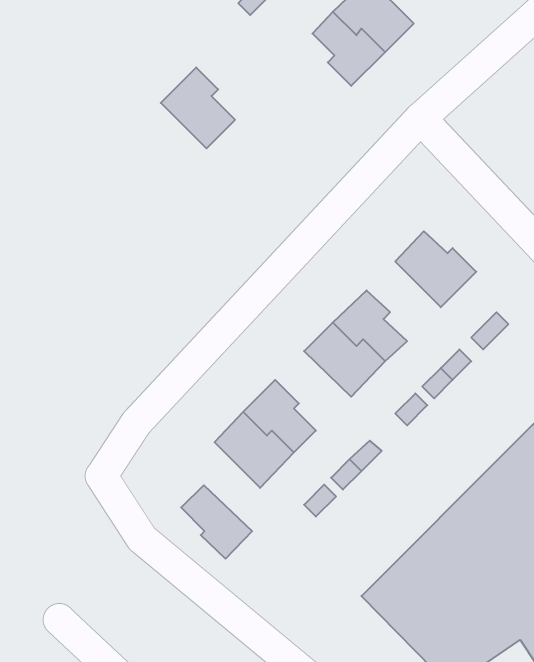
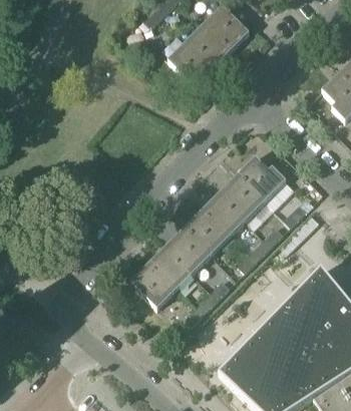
building: [161,67,235,148] -> [169,36,214,84]
building: none -> [223,171,267,219]
building: none -> [168,225,214,272]
building: [181,485,252,559] -> none

